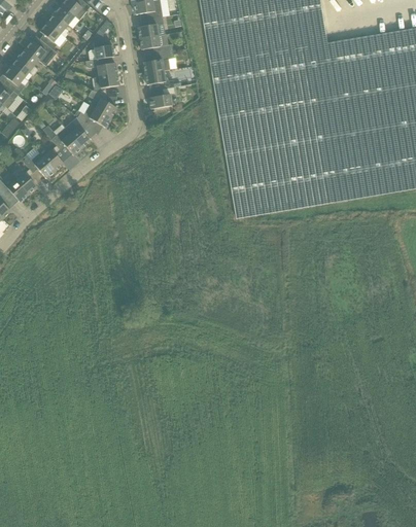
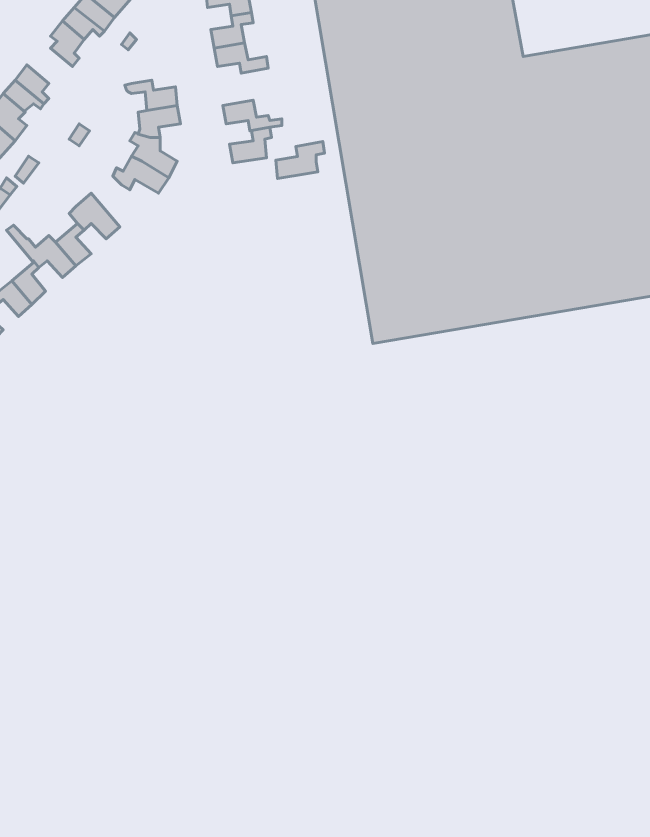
building: [89,19,115,59] -> none
building: [26,37,57,64] -> none
building: [144,49,174,72] -> [276,141,325,179]
building: [65,115,92,146] -> none

